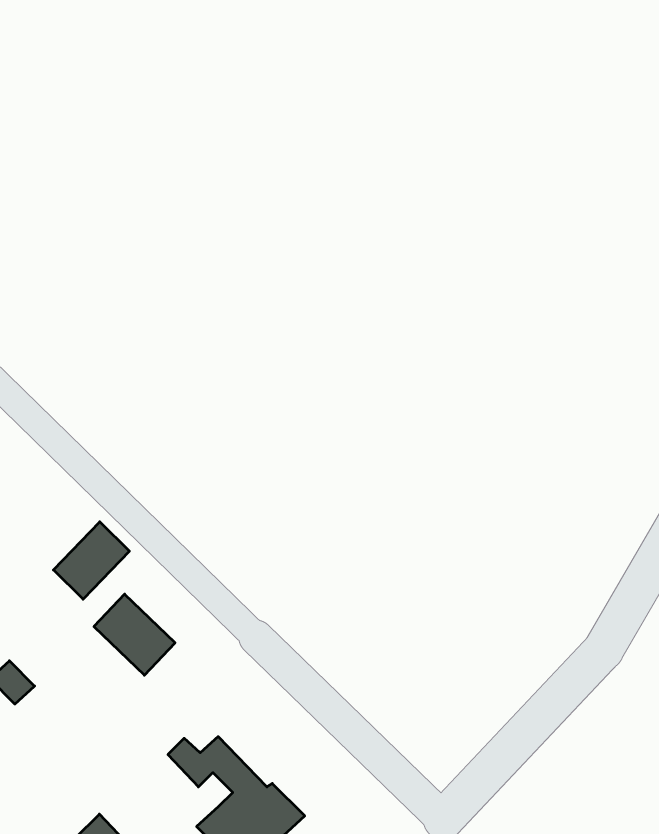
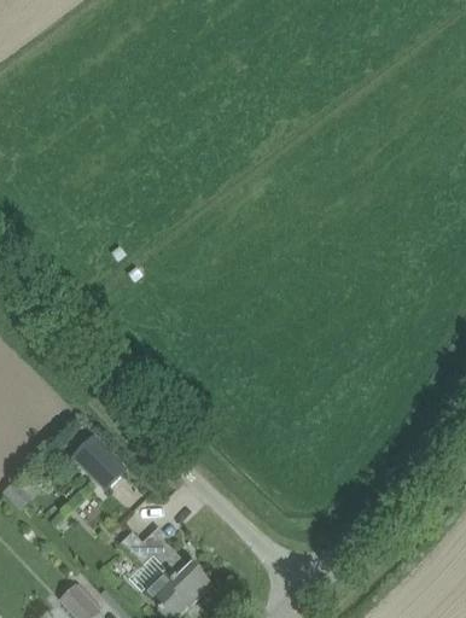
building: [53,522,129,599] -> none

